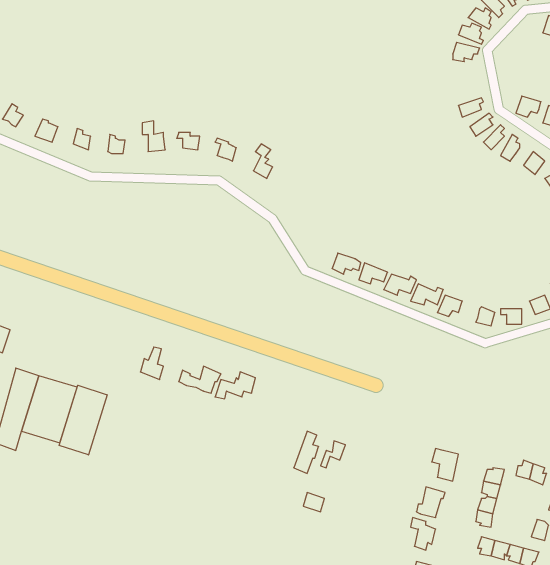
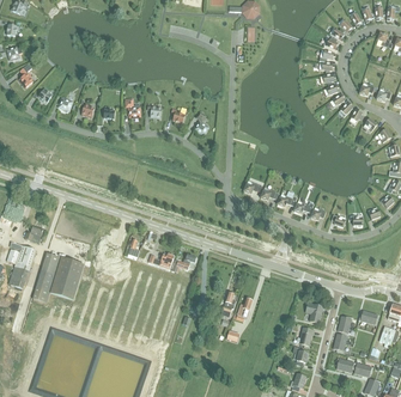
building: [59,385,107,455] -> none

